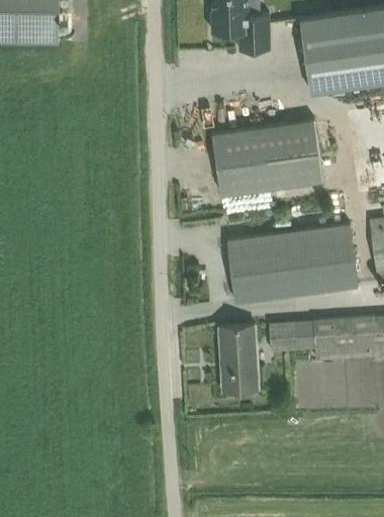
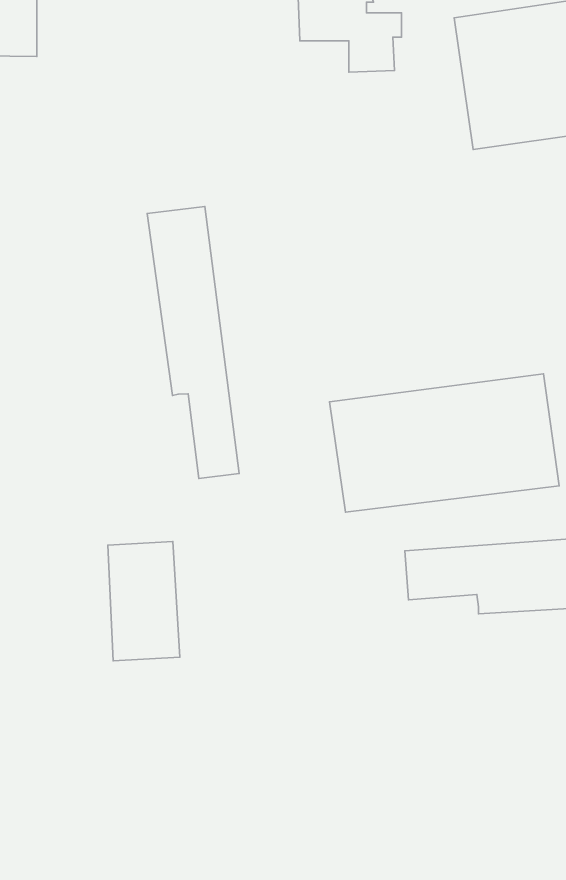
building: [214,120,323,194] -> none
building: none -> [147,206,239,479]
building: [219,325,261,394] -> [108,542,180,661]

